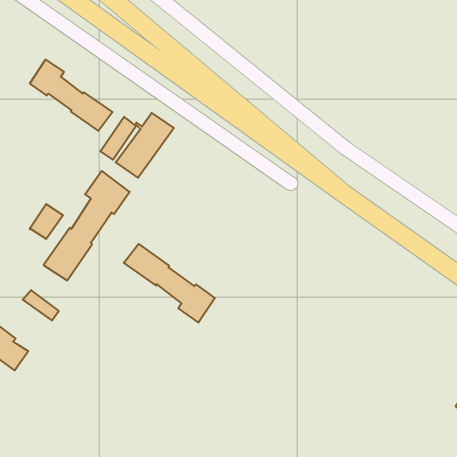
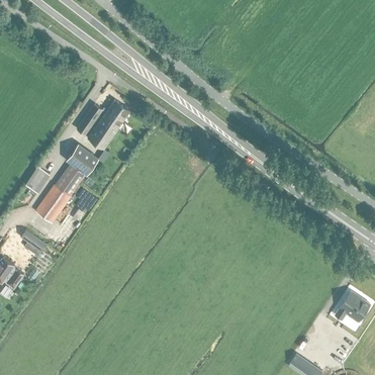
building: [30,59,112,131] -> none
building: [124,244,215,323] -> none

